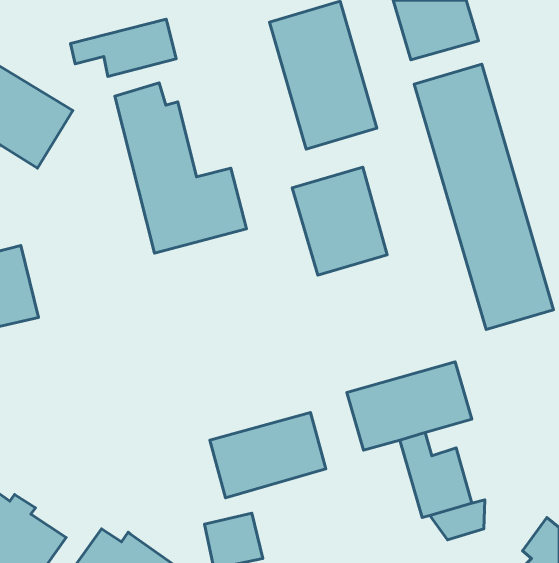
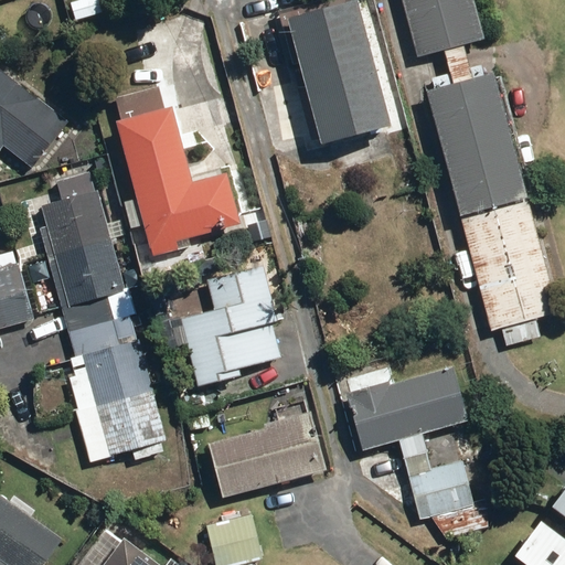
building: [71,19,176,76] -> none
building: none -> [25,168,169,459]
building: [292,167,387,275] -> none
building: none -> [186,265,284,388]

